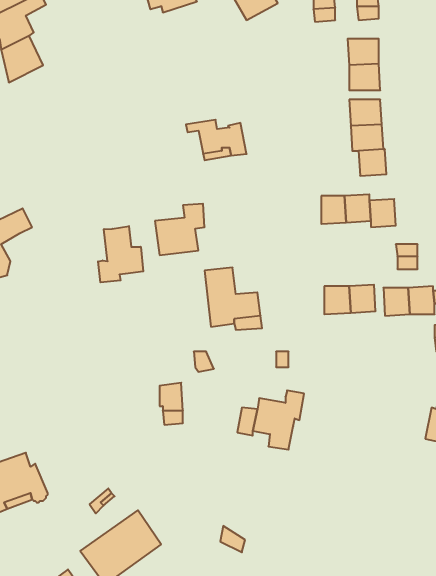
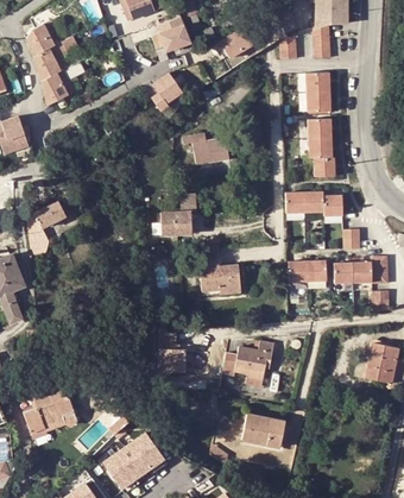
building: none -> [150,74,181,112]
building: [98,226,143,282] -> none
building: none -> [240,414,283,446]

